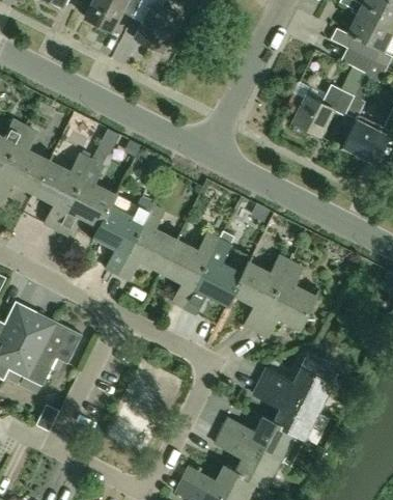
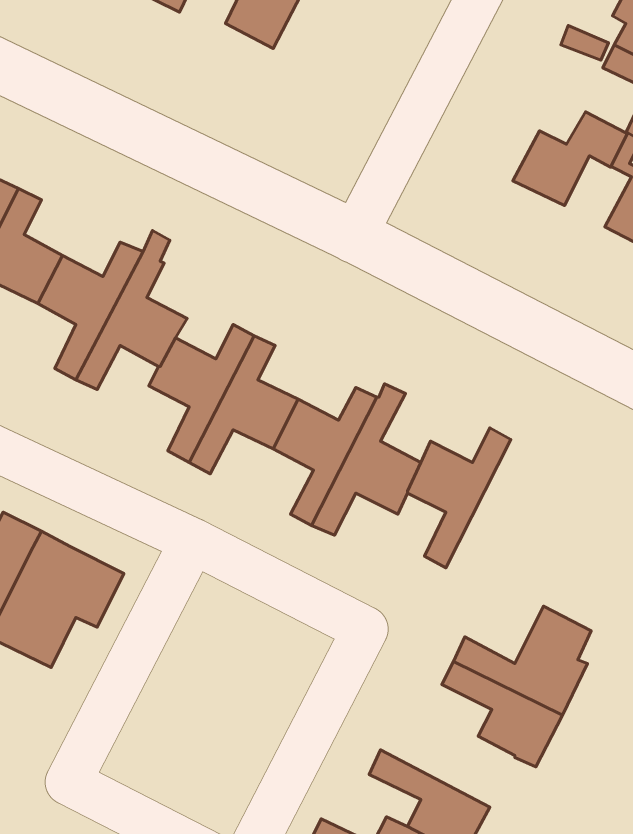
building: [255,261,314,336] -> none
building: [220,416,292,461] -> none

